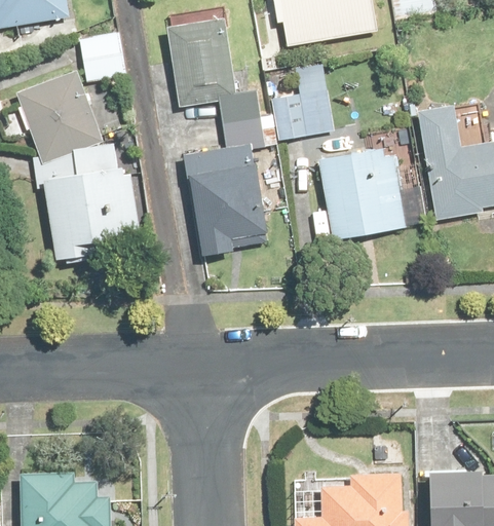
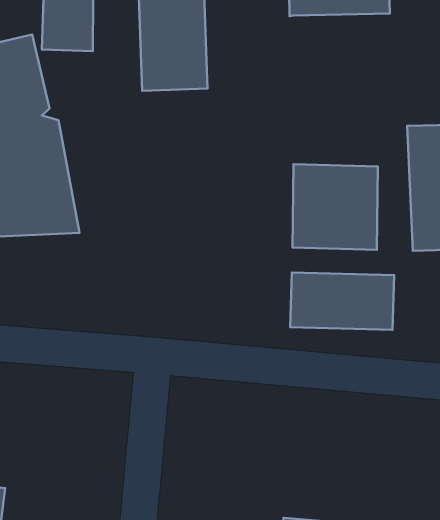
building: [275,70,337,145] -> none
building: [184,119,269,259] -> none
building: none -> [290,272,394,330]

